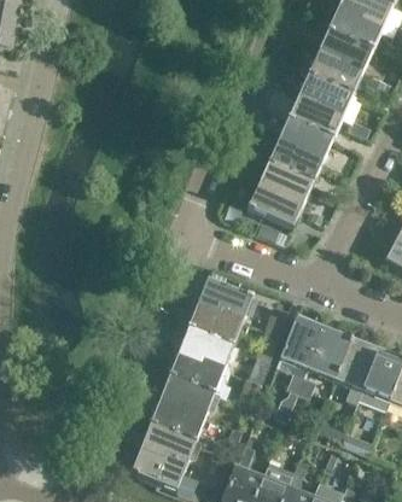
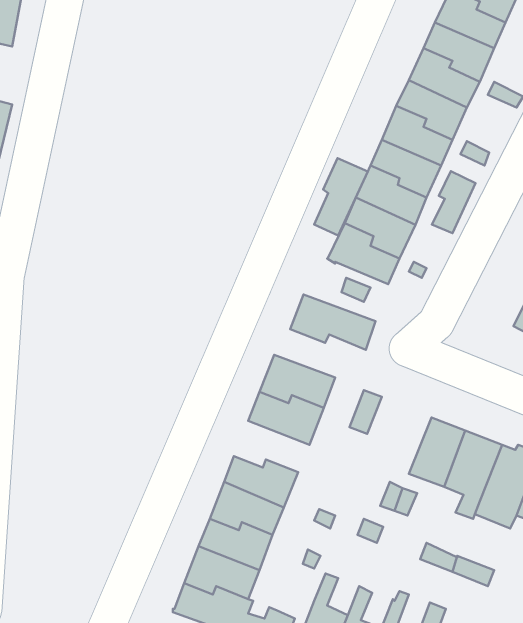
building: none -> [314,158,368,235]
building: none -> [432,171,476,233]
building: none -> [290,295,375,350]
building: [279,316,325,370] -> none
building: [176,331,233,369] -> none

